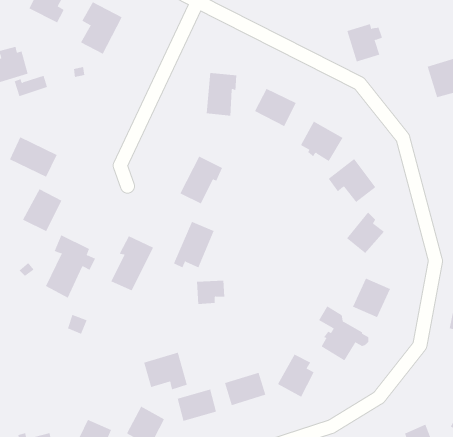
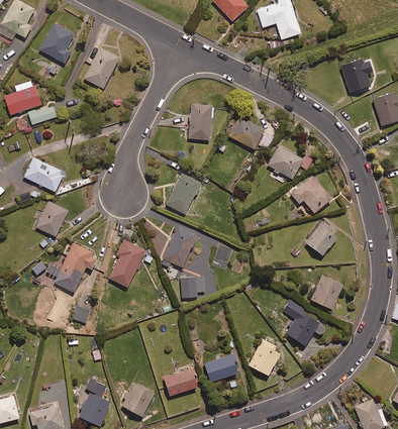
building: [346,23,383,62] -> [341,60,372,92]
building: [143,352,188,390] -> none

